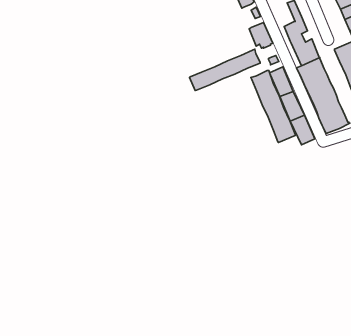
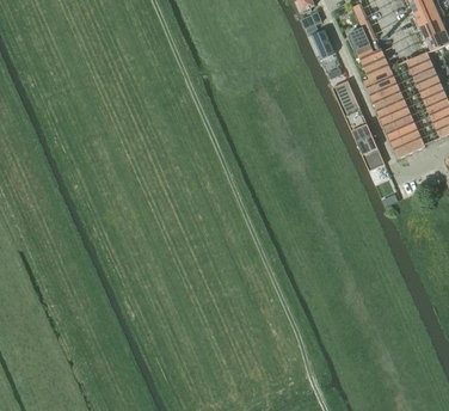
building: [190,49,260,90] -> none
building: [251,71,295,142] -> none

